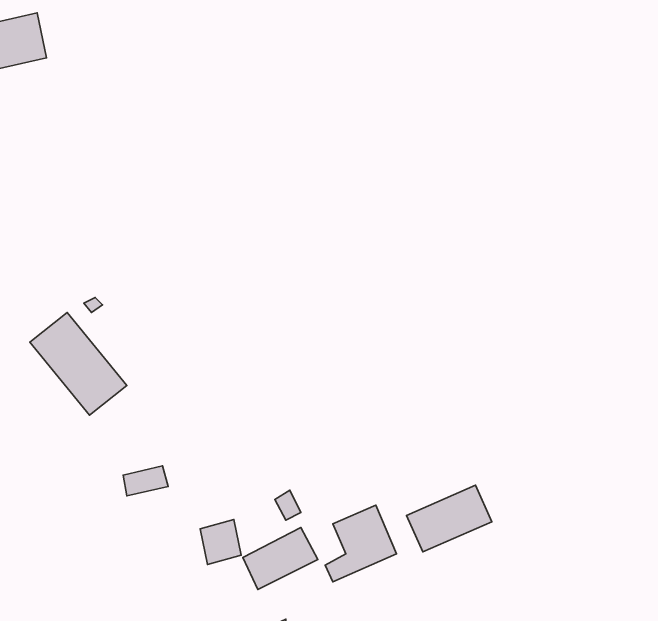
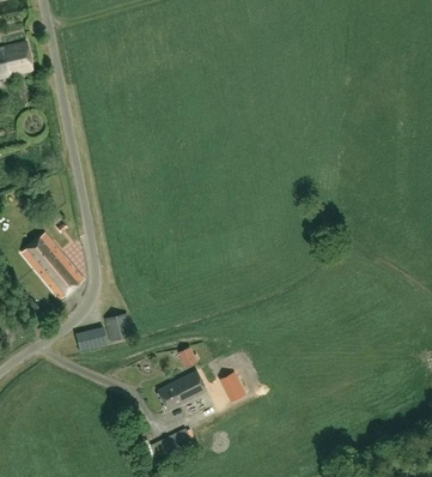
building: [406,485,492,552] -> none
building: [200,519,241,564] -> [104,314,130,343]

